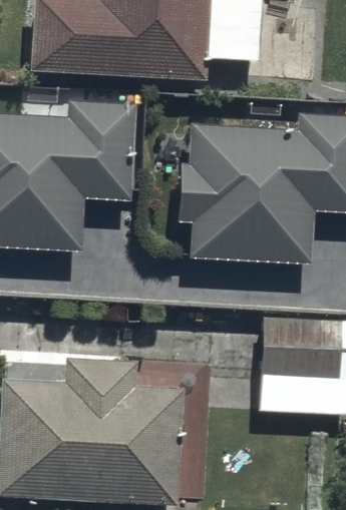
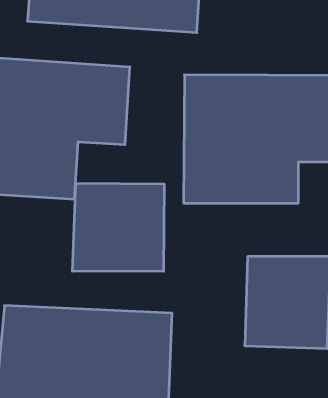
building: none -> [72,183,164,271]

